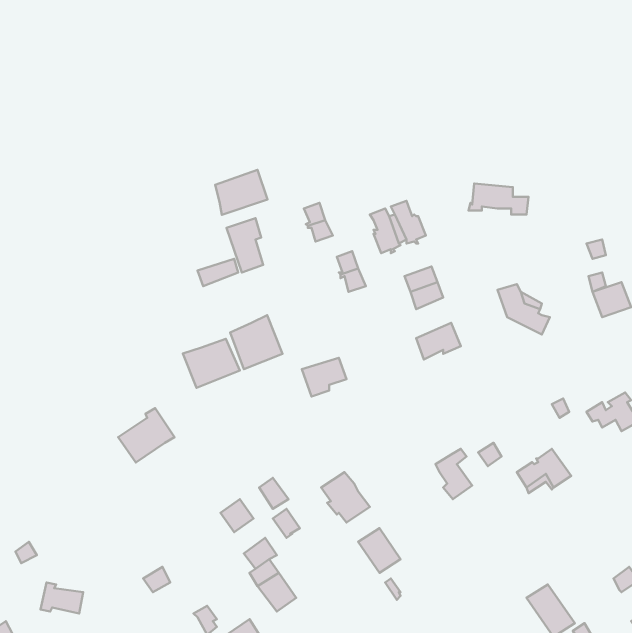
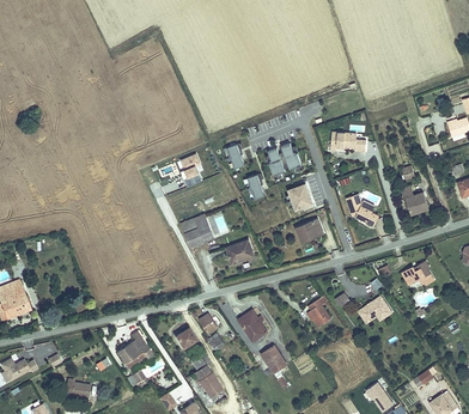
building: [215,170,268,215] -> none
building: [183,339,240,388] -> none
building: [118,408,174,462] -> [116,334,151,367]

